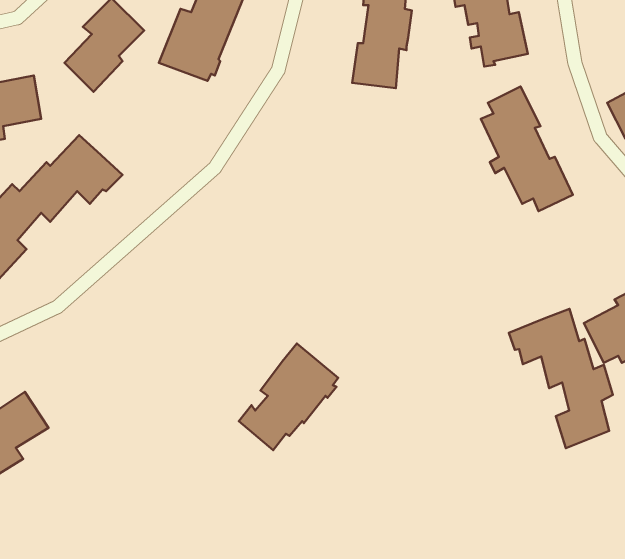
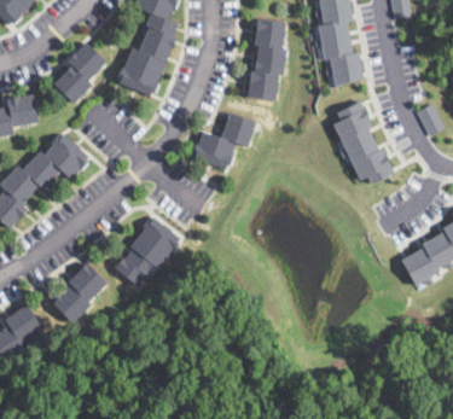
building: none -> [191,114,255,170]
building: [509,309,613,448] -> none
building: none -> [52,263,108,325]
building: [239,344,338,450] -> [115,216,181,287]

